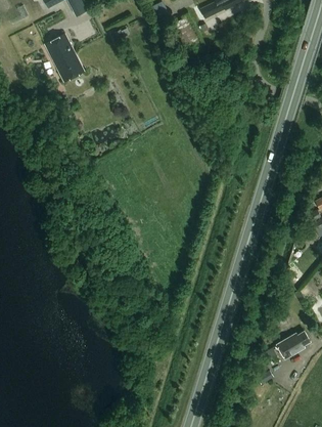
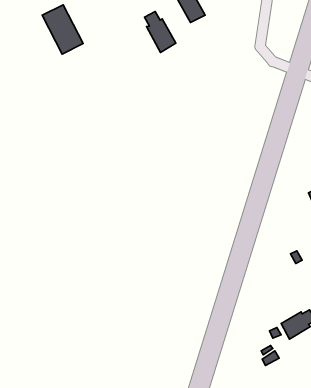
building: none -> [144,11,176,53]

